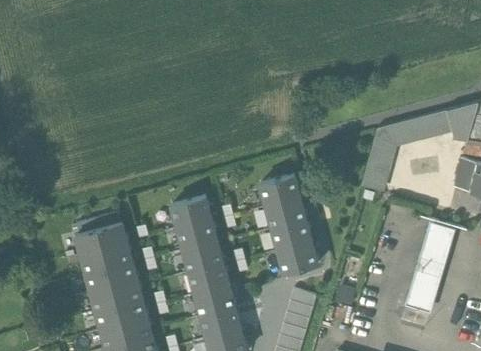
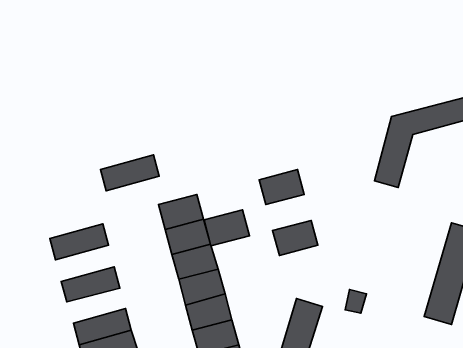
building: [266,198,306,230] -> [204,210,249,246]
building: [80,243,132,275] -> [100,155,159,191]
building: [278,243,318,275] -> none
building: [90,281,142,312] -> none

